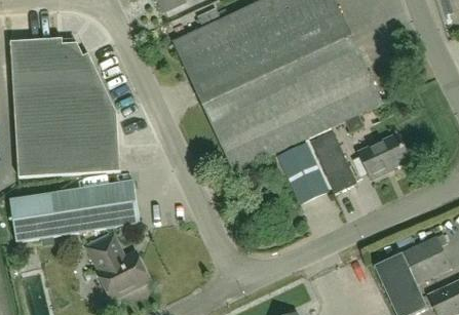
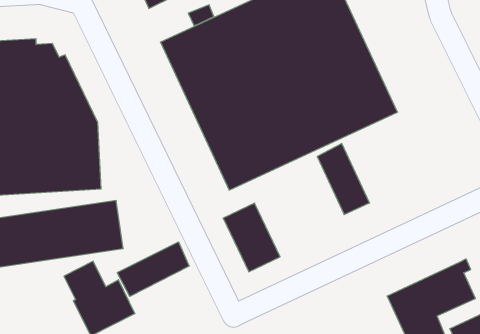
building: [357,132,410,178] -> none
building: [278,143,329,203] -> [223,203,280,272]
building: none -> [117,242,189,296]

